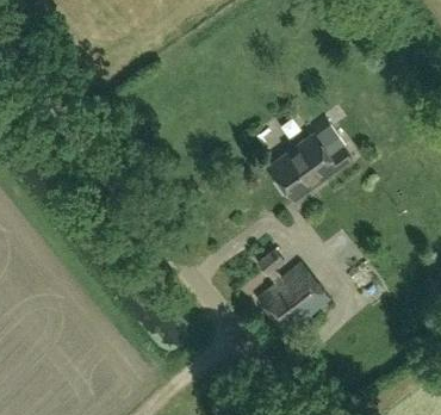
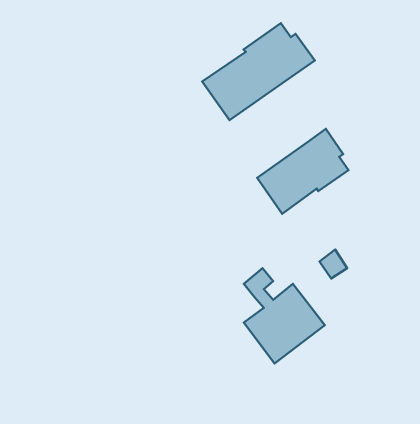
building: none -> [202,23,315,120]

